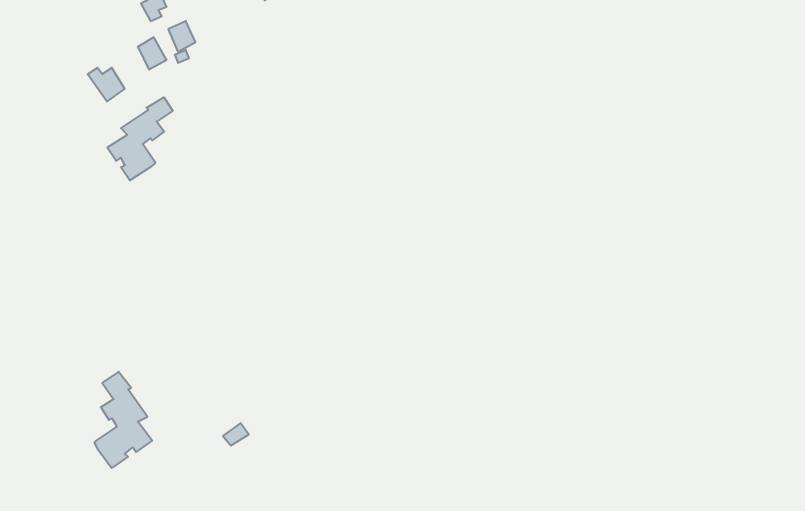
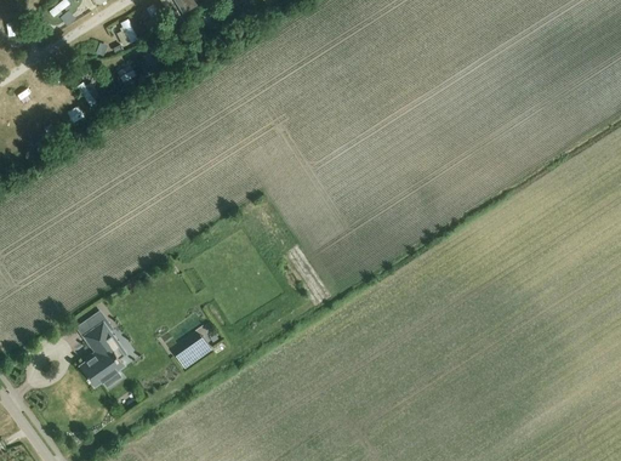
building: [107,97,173,180] -> none

